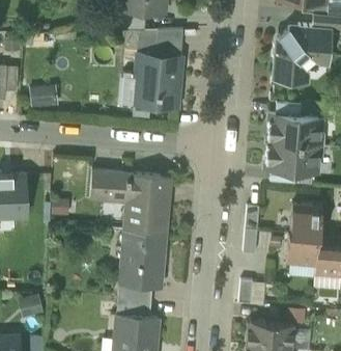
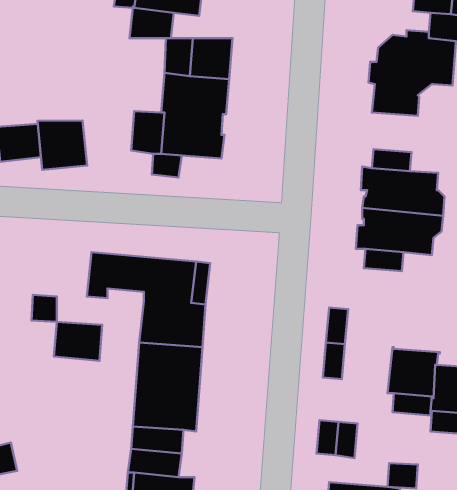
building: none -> [38,120,87,170]
building: [290,202,322,235] -> none
building: none -> [54,322,102,361]

